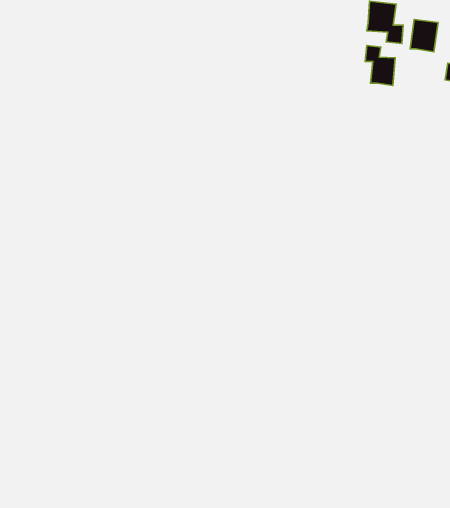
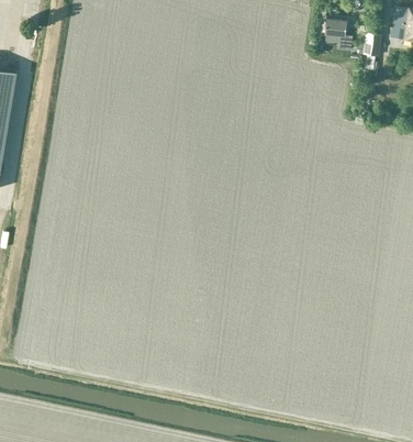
building: [365,45,395,85] -> none

